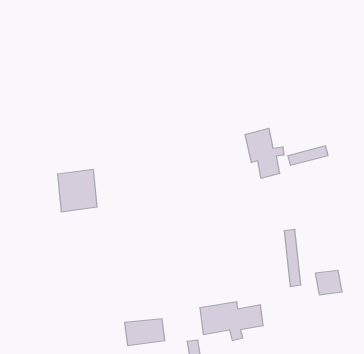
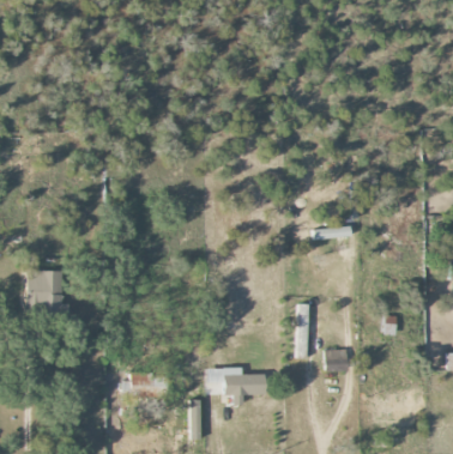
building: [245,128,284,178] -> none
building: [57,170,97,212] -> [26,271,64,308]

